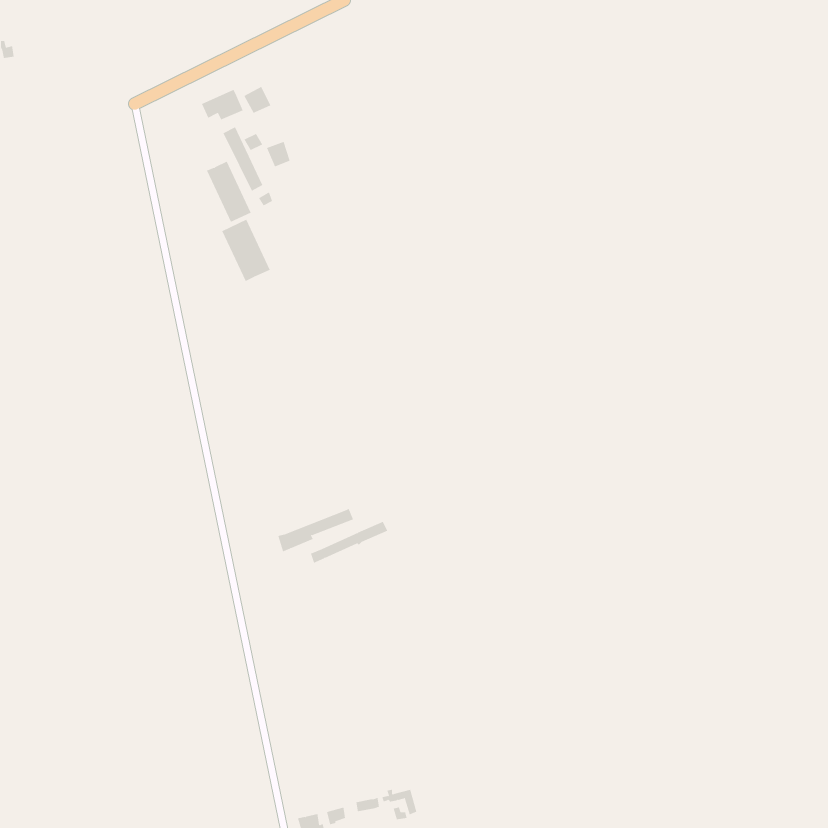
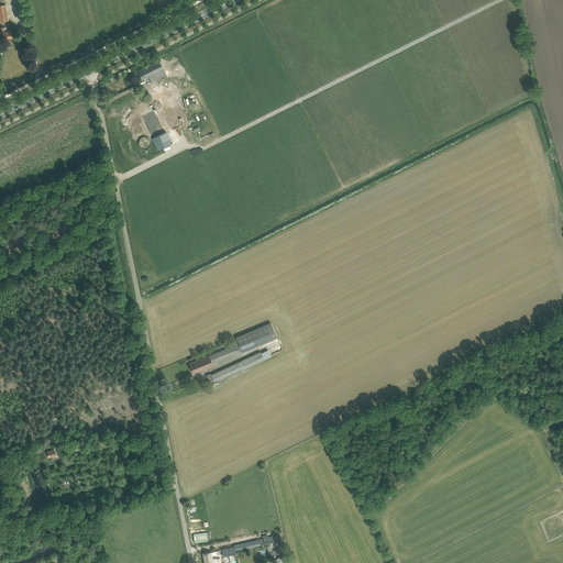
building: [222,219,271,282] -> none
building: none -> [234,323,276,354]

